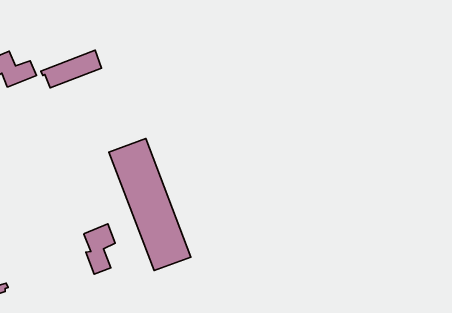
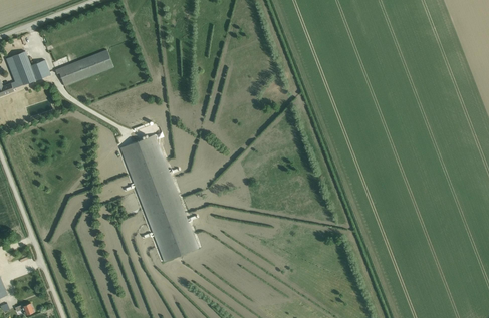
building: [84,224,115,274] -> none

